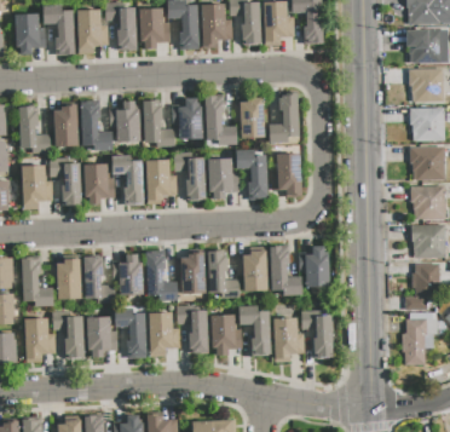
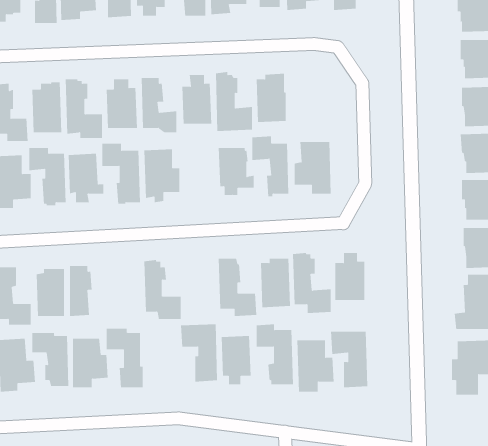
building: [270,92,300,144] -> none
building: [186,157,206,202] -> none
building: [180,252,206,294] -> none
building: [119,254,144,294] -> none
building: [149,312,181,356] -> none

